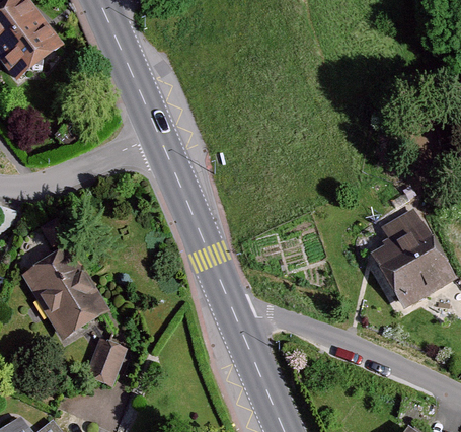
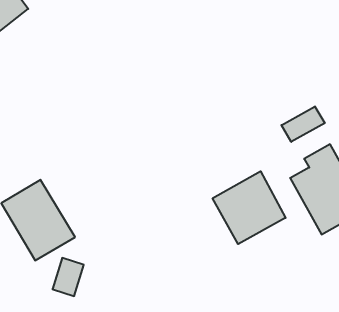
building: none -> [281,106,325,142]
building: none -> [213,171,286,244]

